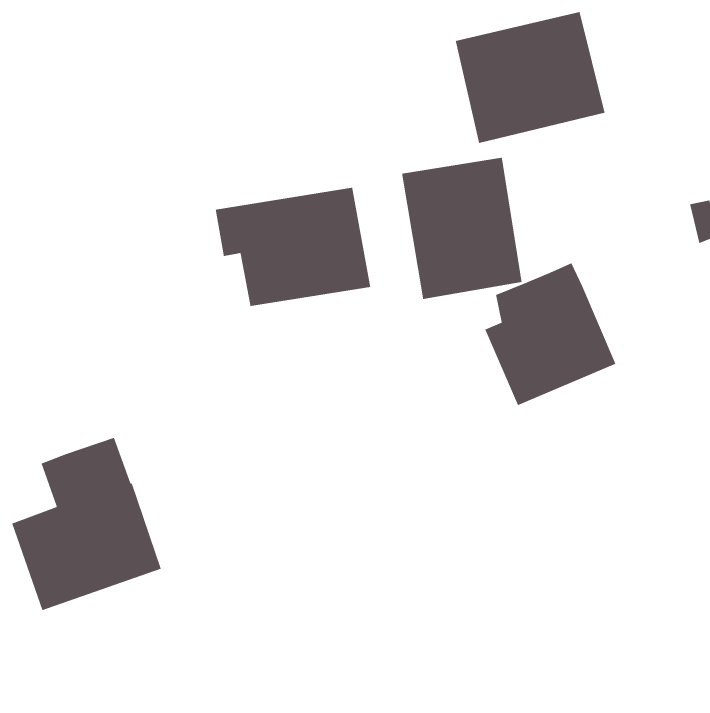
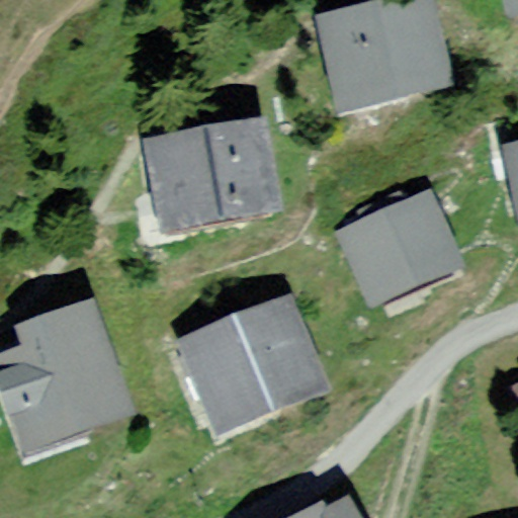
building: [401,157,522,300] -> none
building: none -> [195,316,314,418]

